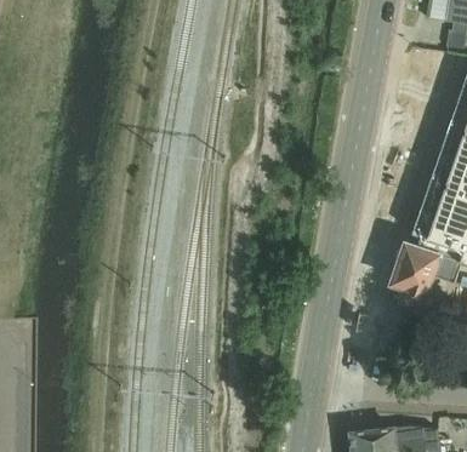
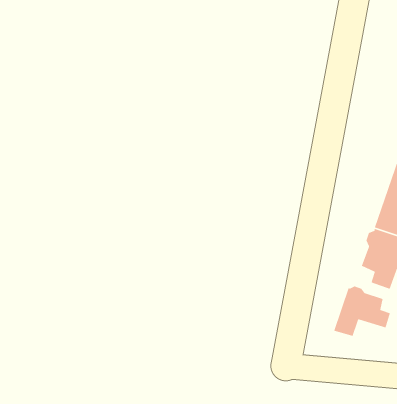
building: none -> [333,285,391,337]

